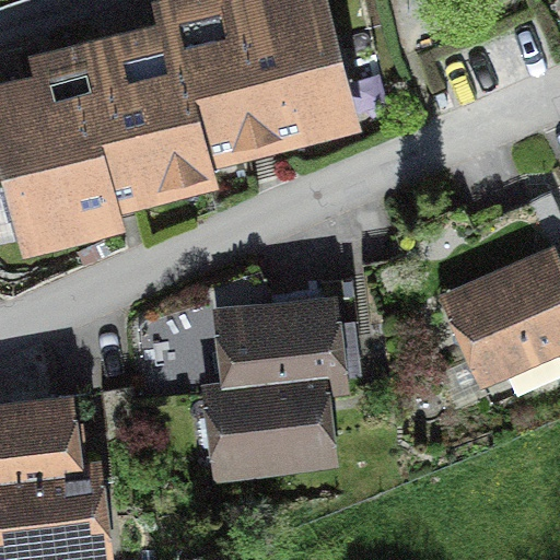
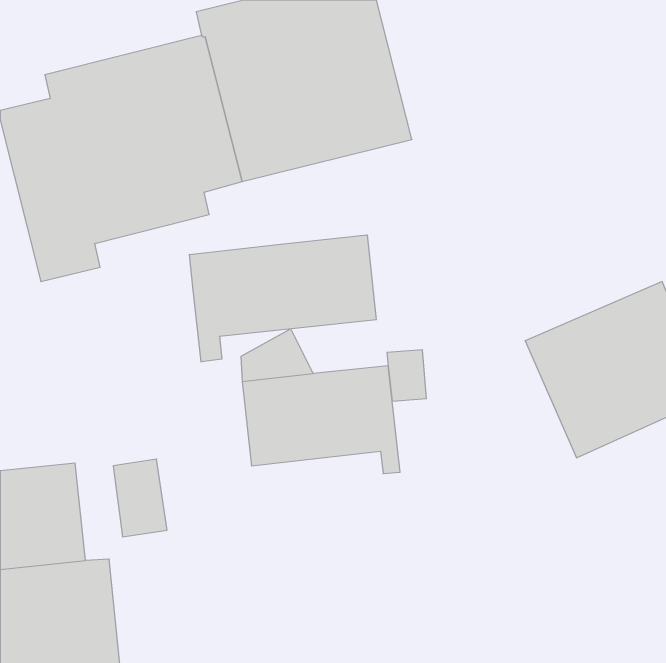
building: none -> [189,235,376,362]
building: [198,383,330,488] -> none

